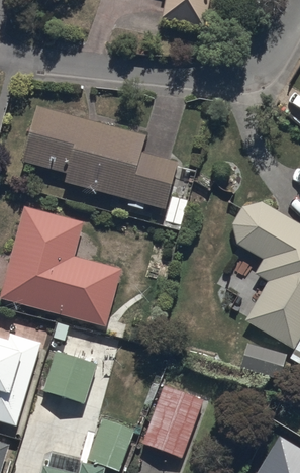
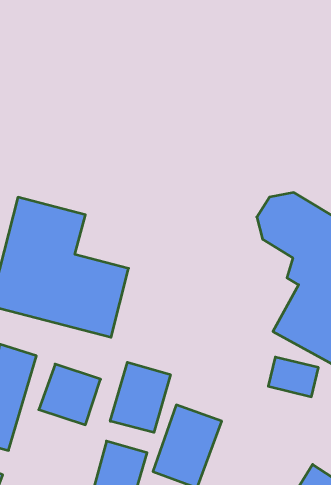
building: [21,105,187,224] -> none
building: none -> [110,362,170,432]

